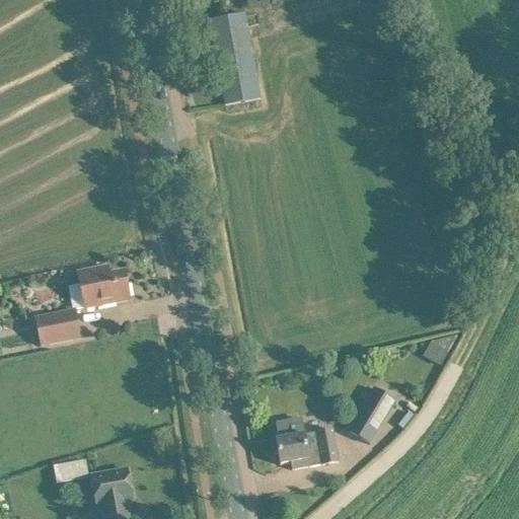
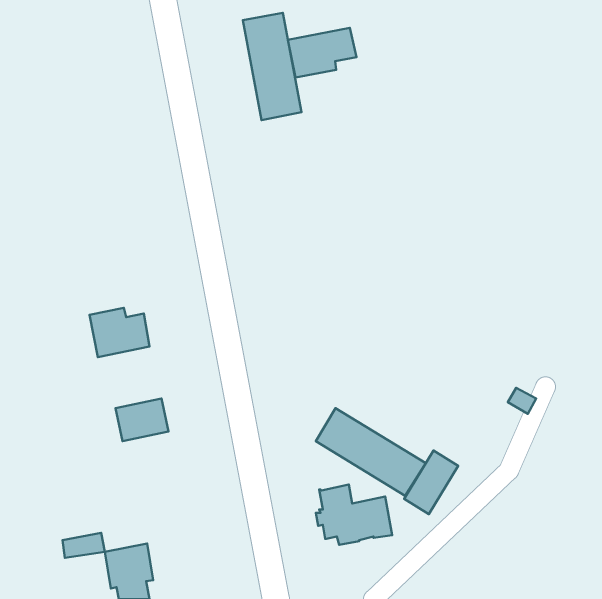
building: none -> [288,28,356,77]
building: [34,308,80,345] -> [115,399,169,441]
building: none -> [316,408,426,496]

